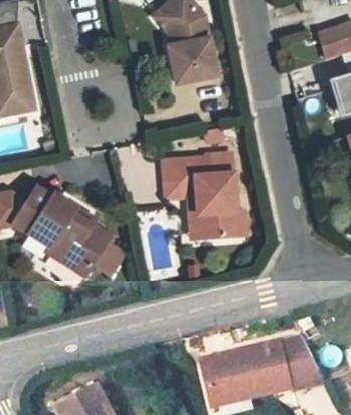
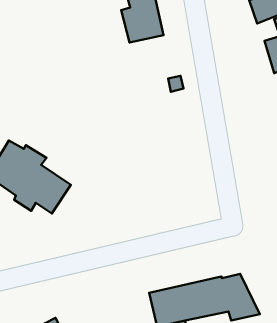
building: [166,153,252,240] -> none

